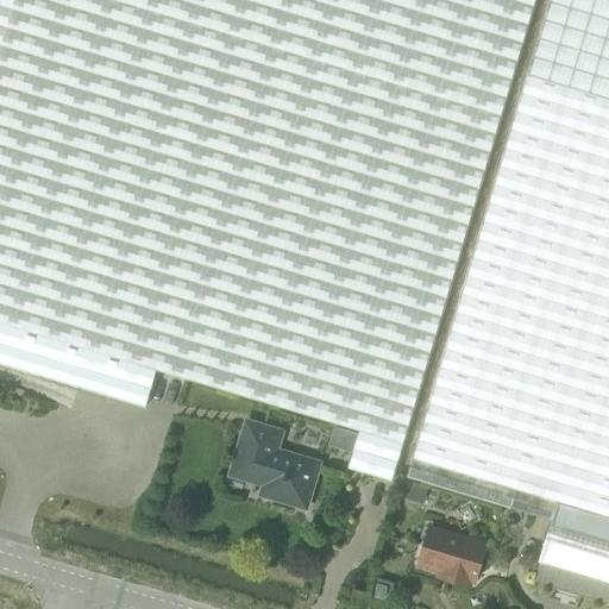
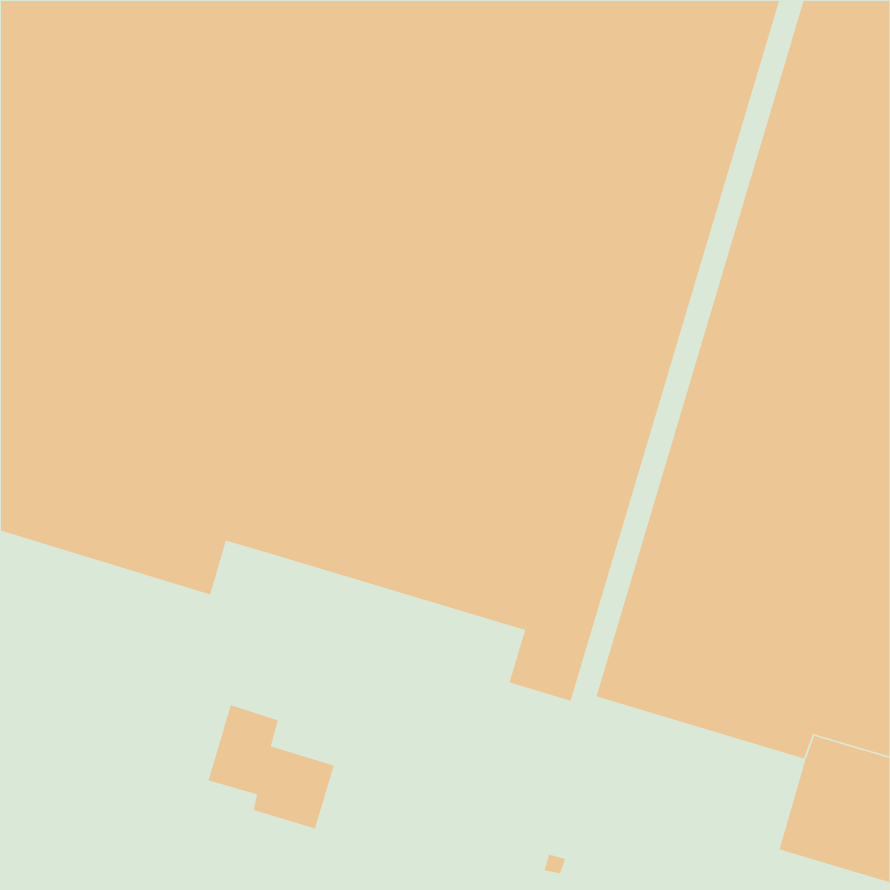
building: [231,421,318,507] -> [208,704,335,830]
building: [416,527,489,585] -> none

